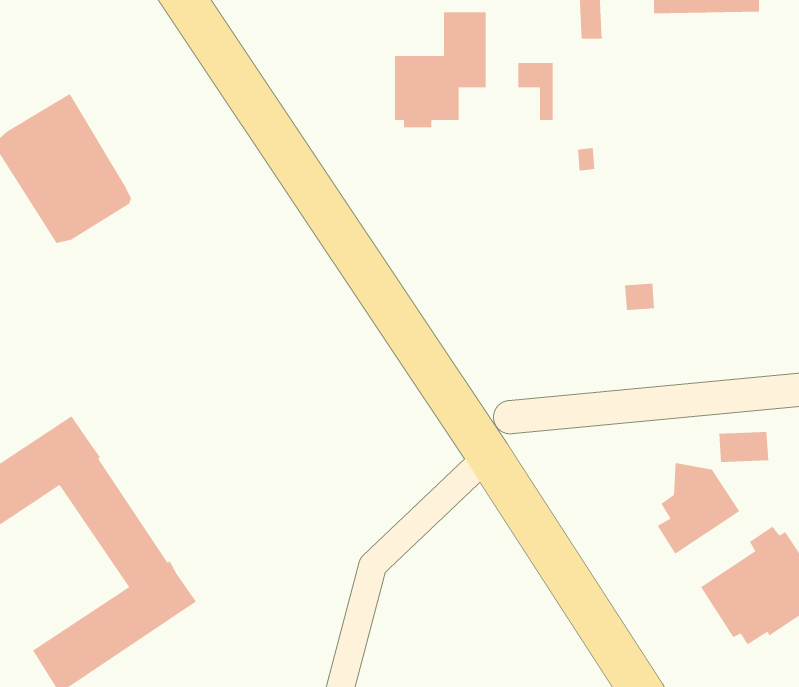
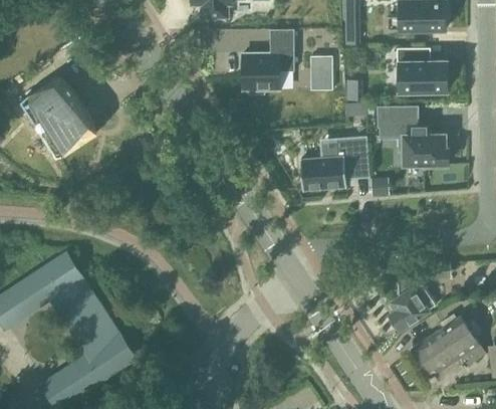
building: none -> [397,48,447,91]
building: none -> [378,108,448,168]
building: none -> [300,137,369,190]

